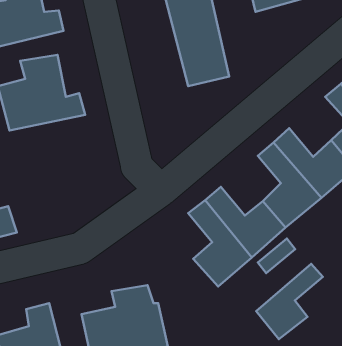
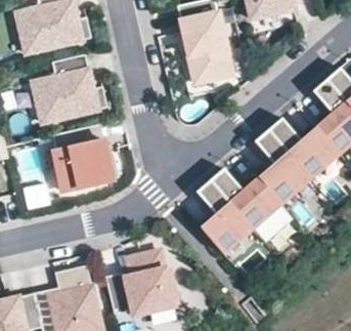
building: none -> [52,123,120,188]
building: [256,264,323,339] -> none

